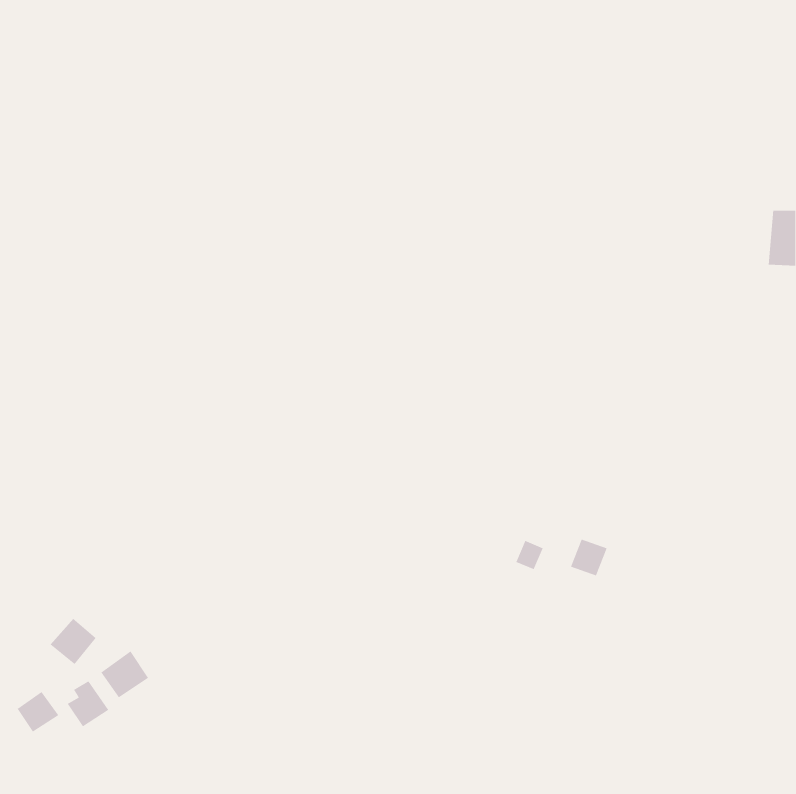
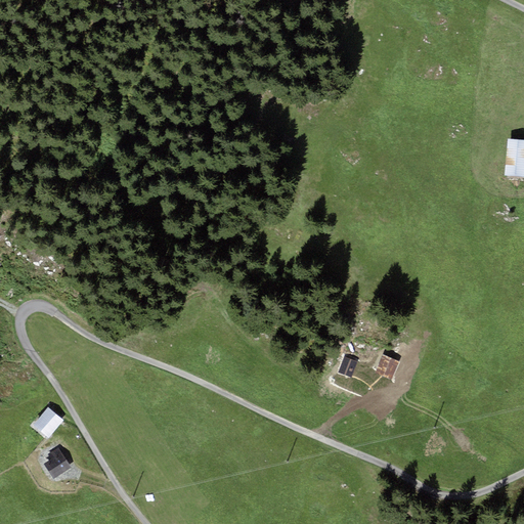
building: [100,651,149,698] -> none
building: [17,691,59,733] -> none

